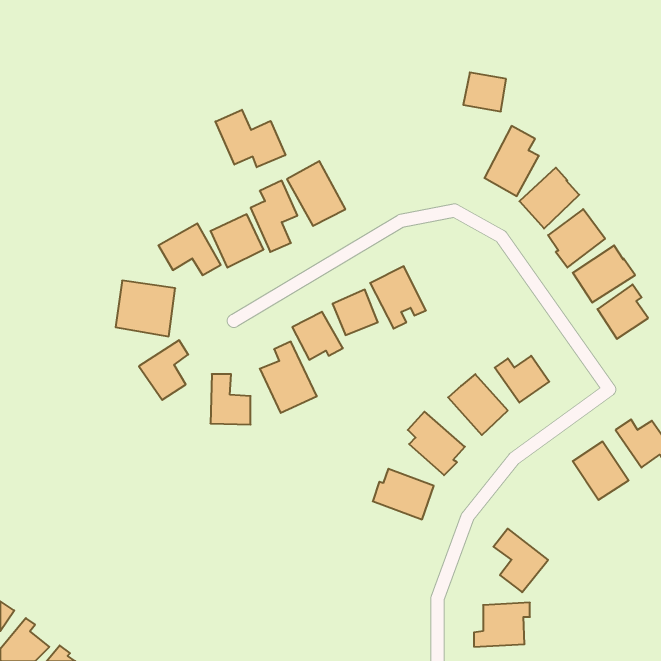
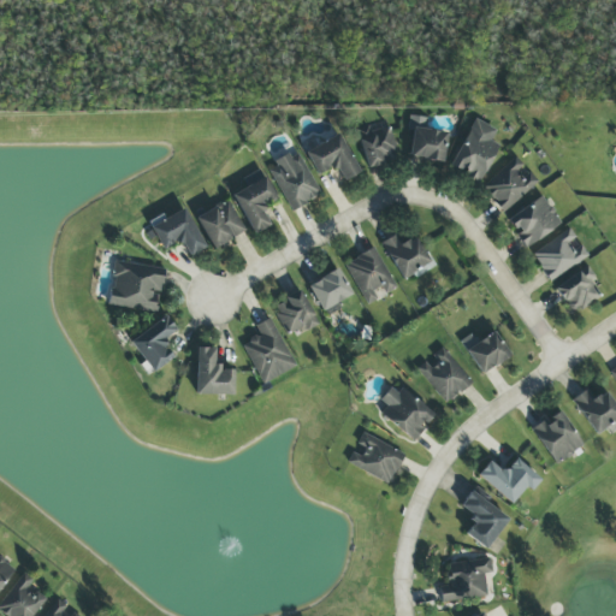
building: [463,72,506,111] -> [409,125,449,161]
building: [215,110,285,167] -> none
building: none -> [356,125,401,165]
building: none -> [307,134,360,179]
building: none -> [383,233,431,278]
building: none -> [479,457,541,503]

